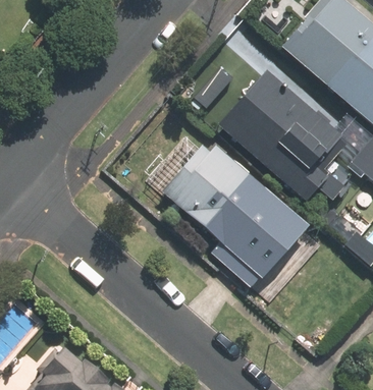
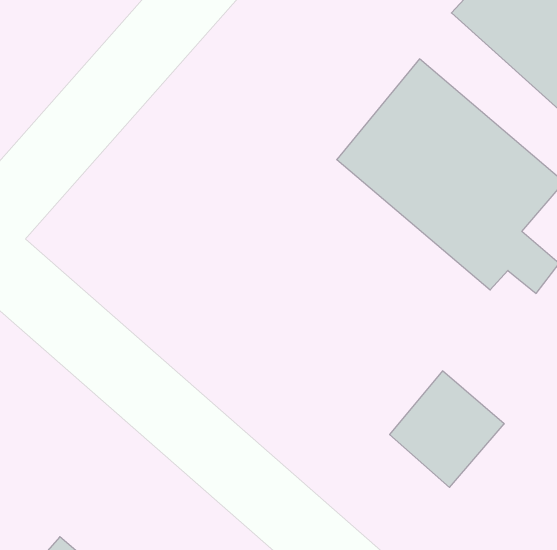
building: [151,135,282,257] -> none

